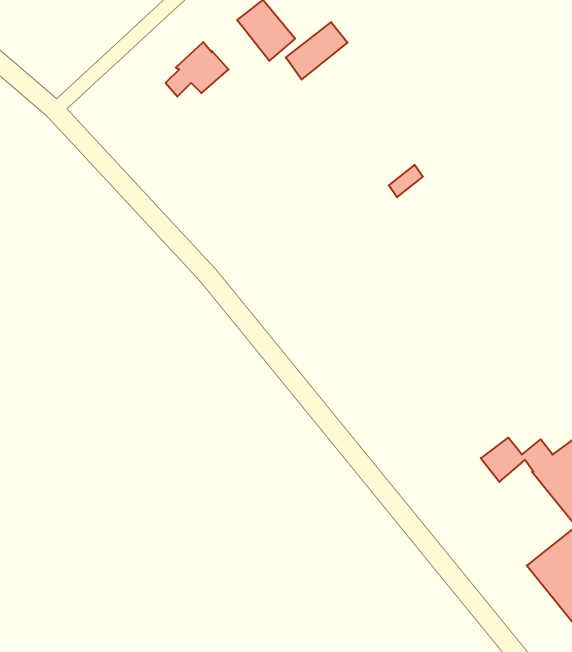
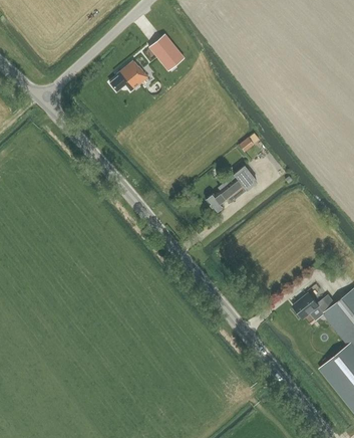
building: [286,22,348,80] -> none
building: none -> [207,166,258,211]

